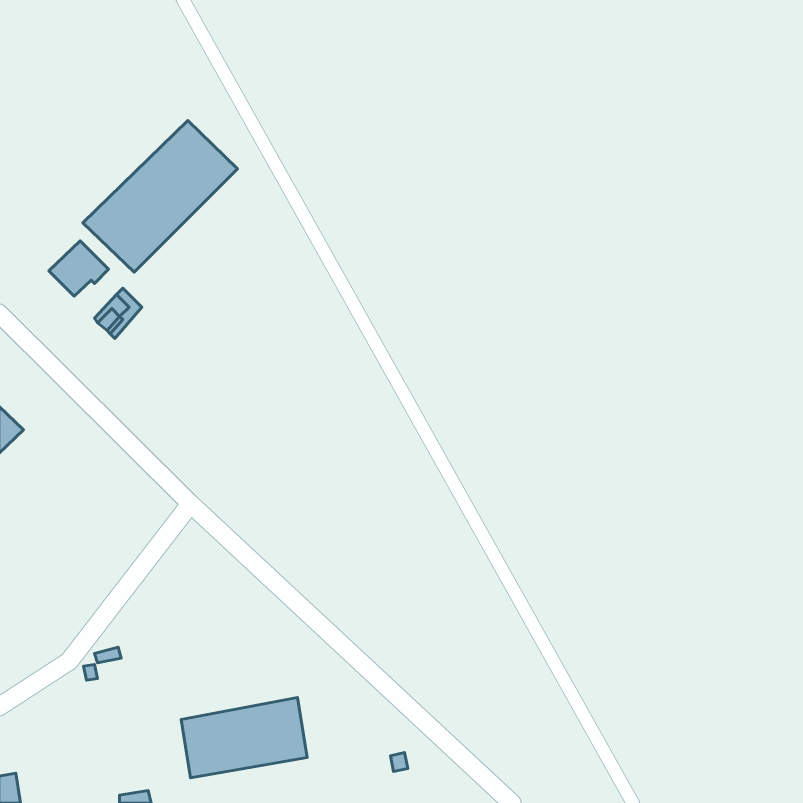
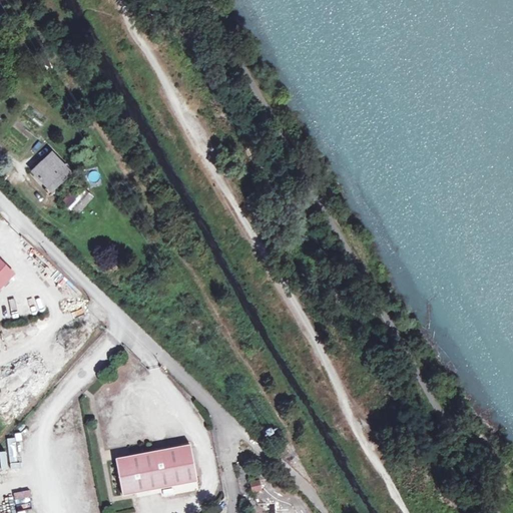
building: [83,120,237,272] -> none

